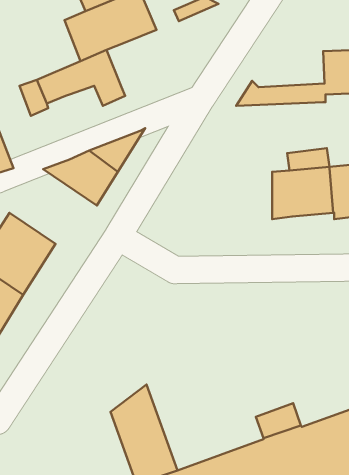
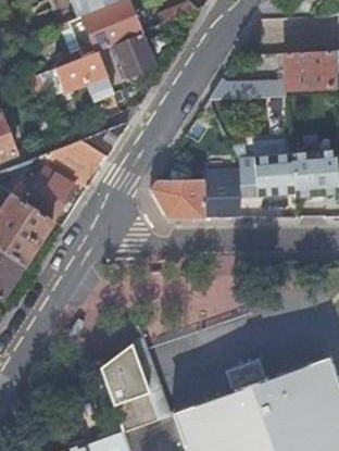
building: none -> [98,33,154,83]
building: none -> [13,166,76,220]
building: none -> [153,170,242,217]

